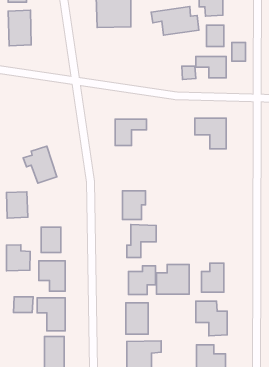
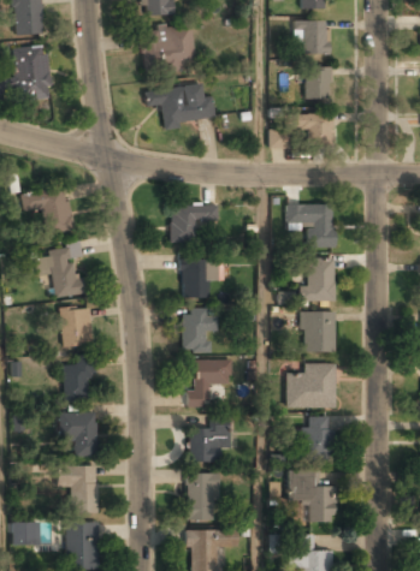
building: [151,6,199,35] -> [147,83,217,125]
building: [232,42,245,61] -> none
building: none -> [22,184,76,236]
building: none -> [182,258,221,298]
building: none -> [301,258,336,302]
building: [6,192,28,218] -> [63,308,94,346]
building: none -> [302,313,336,352]
building: [7,245,30,271] -> none
building: [156,265,189,294] -> [288,363,336,406]
building: [13,297,33,313] -> [13,522,42,545]

